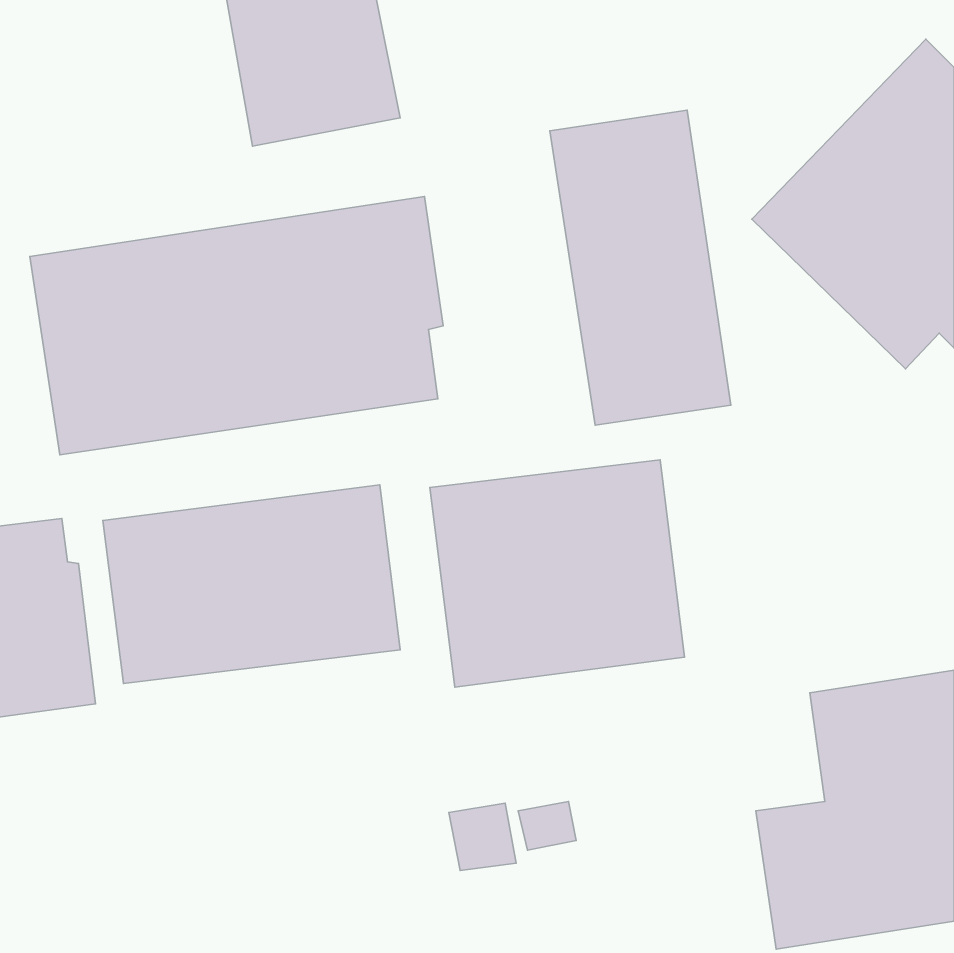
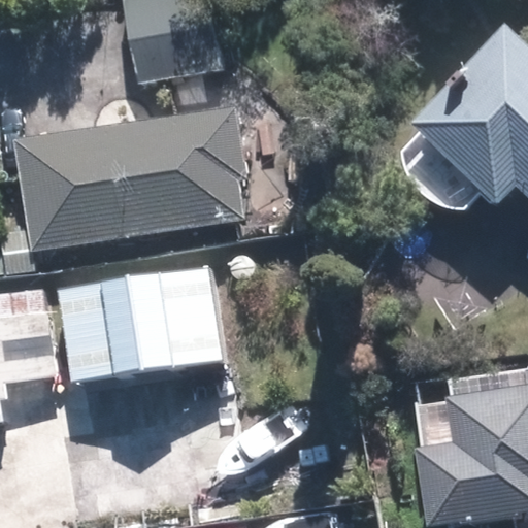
building: [550,110,731,425] -> none
building: [430,460,685,687] -> none

